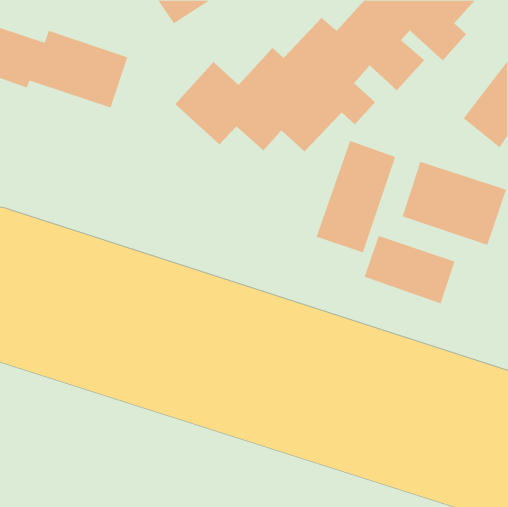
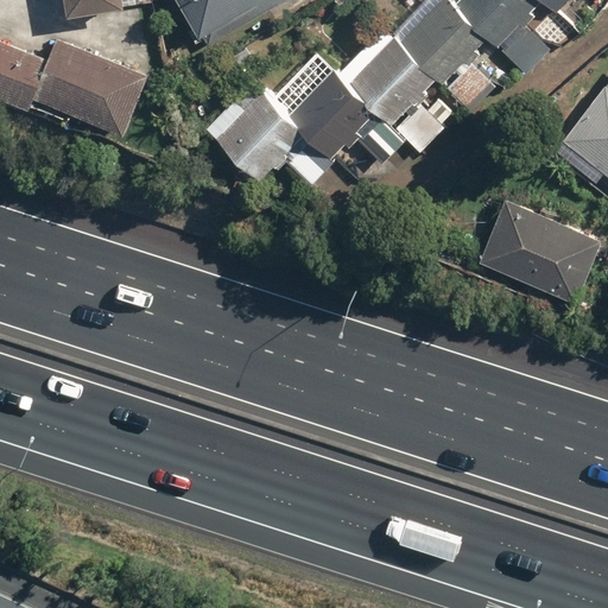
building: [316,140,396,253] -> none
building: [364,235,455,304] -> none

